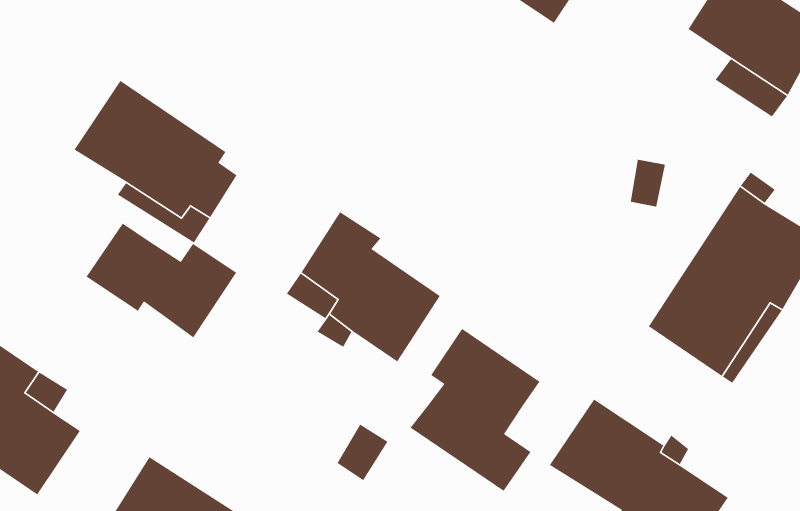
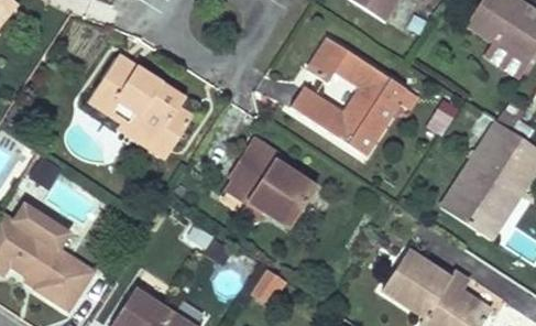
building: none -> [291,36,402,155]
building: [86,222,237,338] -> none
building: [410,328,540,492] -> none

